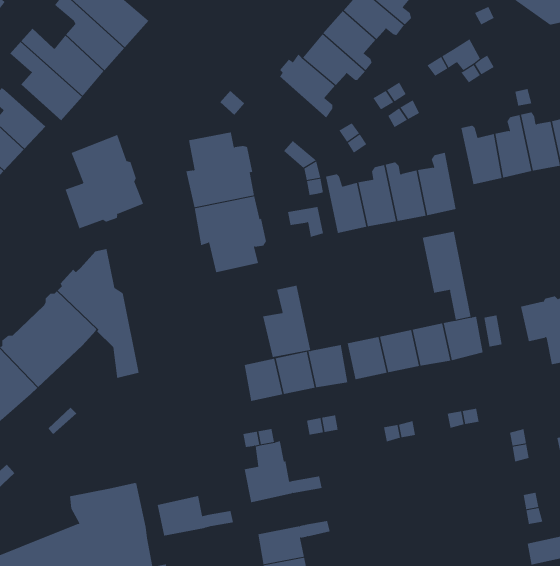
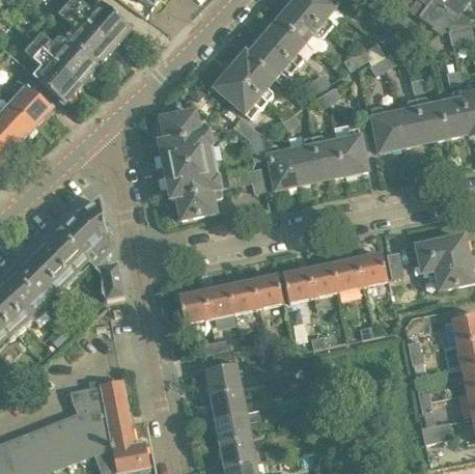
building: none -> [215,68,267,111]
building: [65,134,144,229] -> none
building: [422,231,471,320] -> none
building: [262,285,311,358] -> none
building: none -> [177,289,208,323]
building: [157,496,234,536] -> [208,388,268,419]

